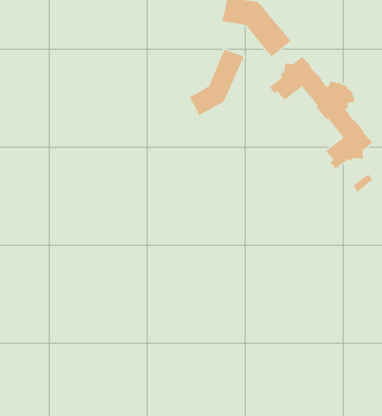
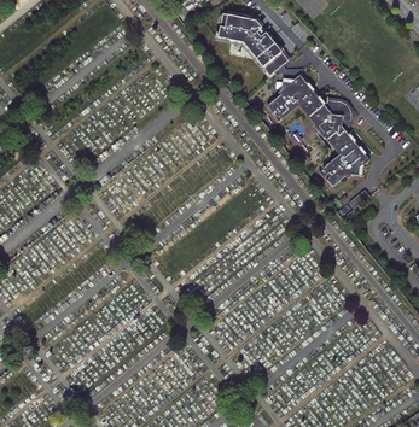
building: [189,49,244,116] -> none

